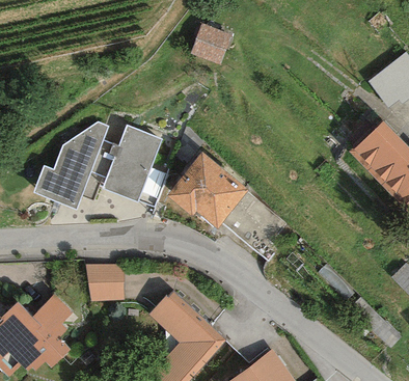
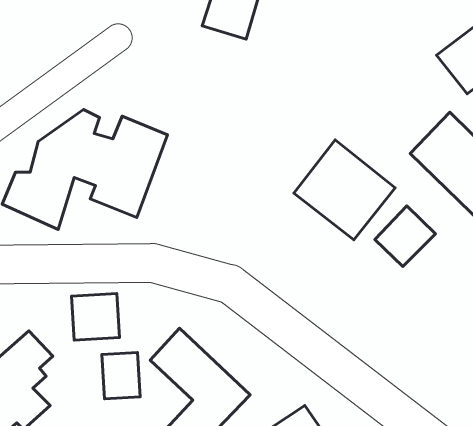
building: [169,154,248,232] -> [294,140,395,240]
building: none -> [375,206,436,266]
building: none -> [102,352,140,399]

